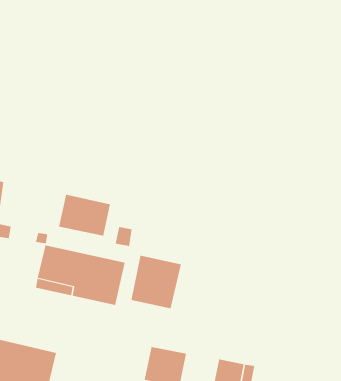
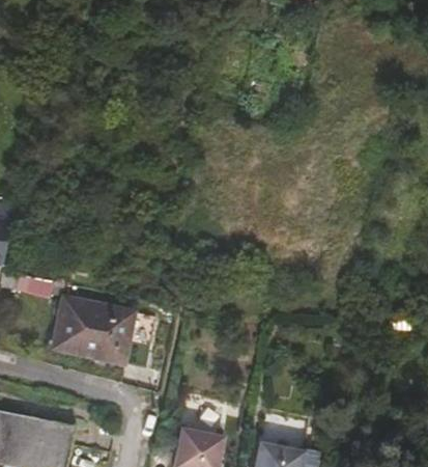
building: [58,194,110,237] -> none
building: [131,255,181,309] -> none

